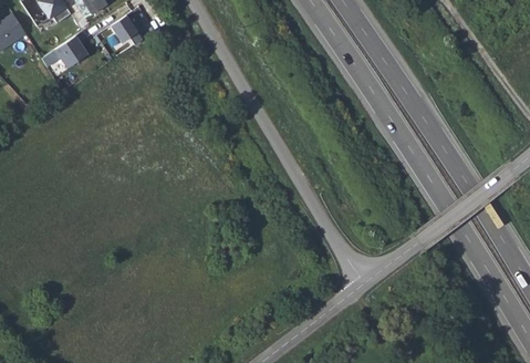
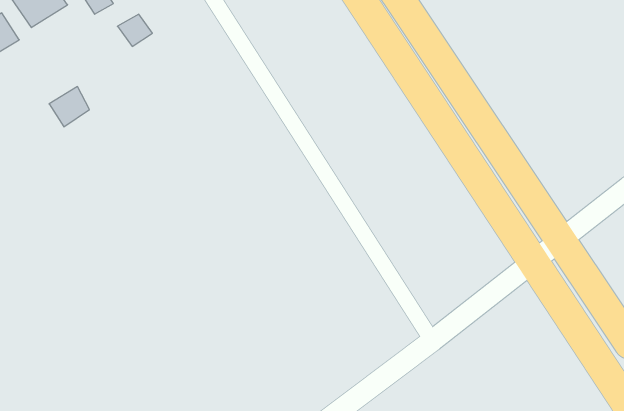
building: [53,34,86,68] -> [49,87,89,127]

